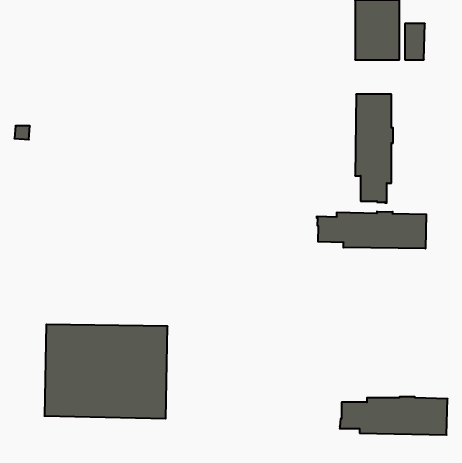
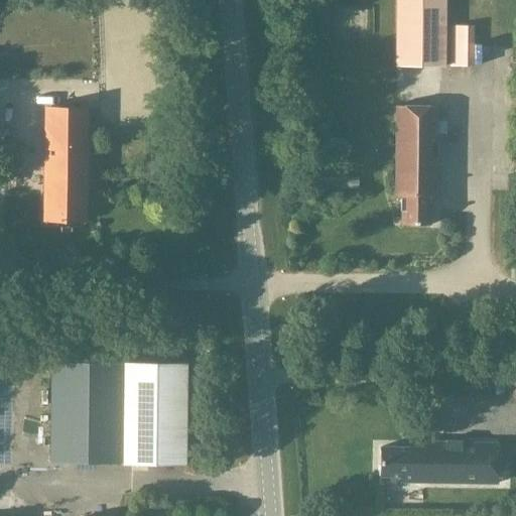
building: none -> [44,109,87,222]
building: [317,211,426,249] -> none

